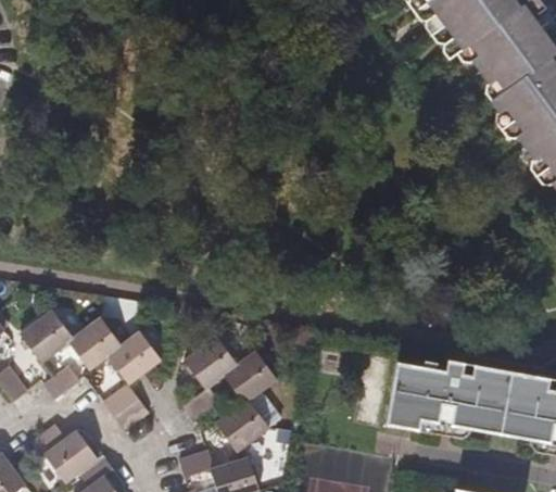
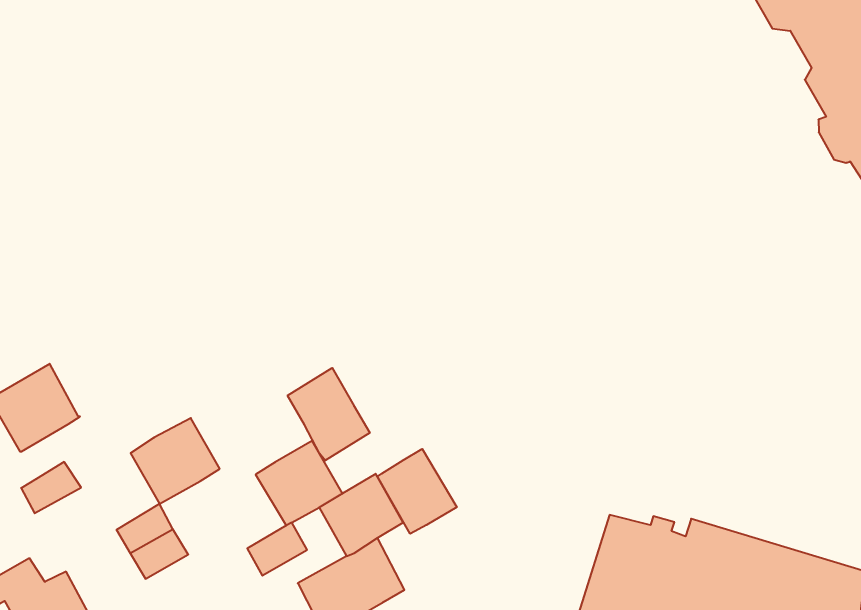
building: none -> [288,368,370,461]
building: [70,318,122,370] -> none
building: none -> [377,449,457,534]

